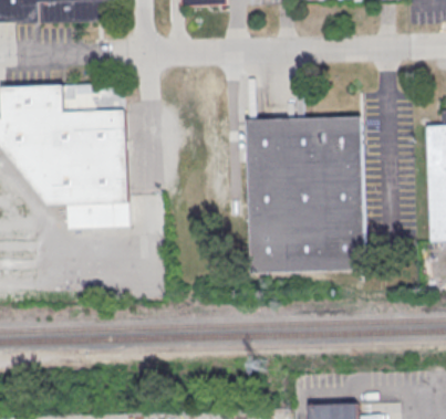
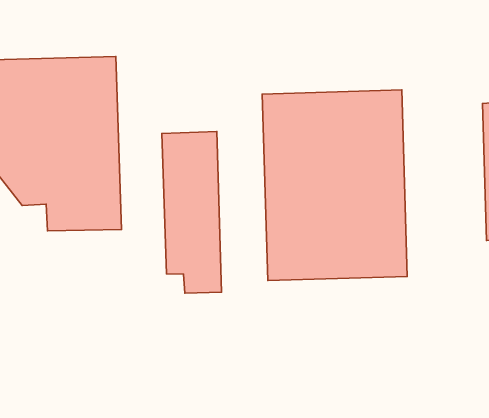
building: none -> [162,131,222,293]

